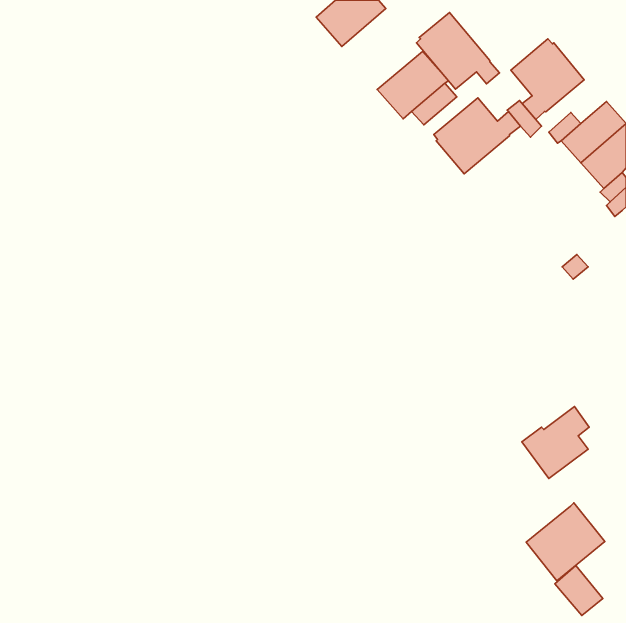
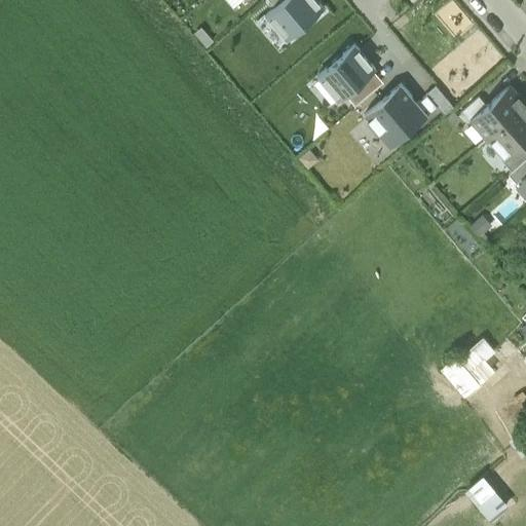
building: [416,13,500,89] -> none
building: [511,39,584,120] -> none
building: [526,503,605,581] -> none

